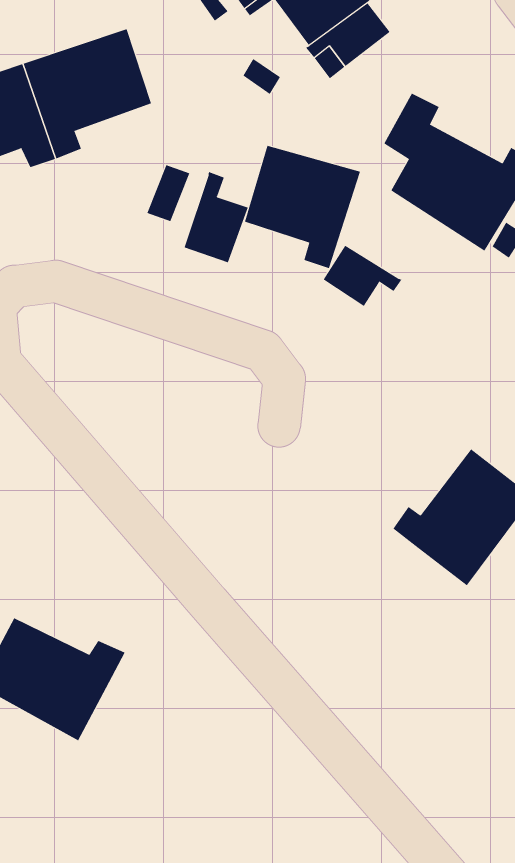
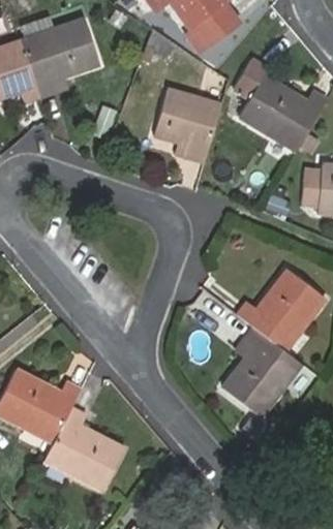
building: [184,171,248,263] -> none
building: [323,245,402,307] -> none
building: none -> [223,326,301,415]
building: none -> [44,407,123,492]

